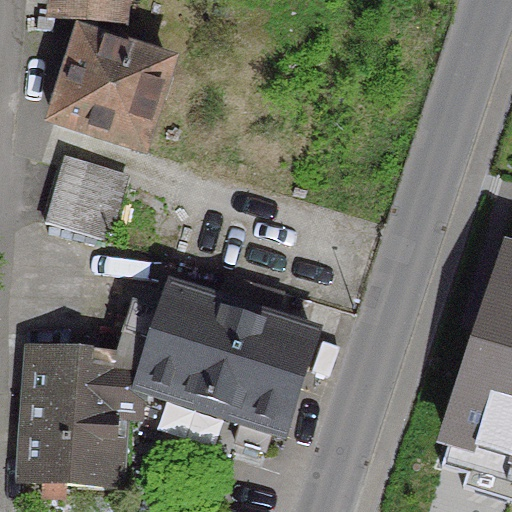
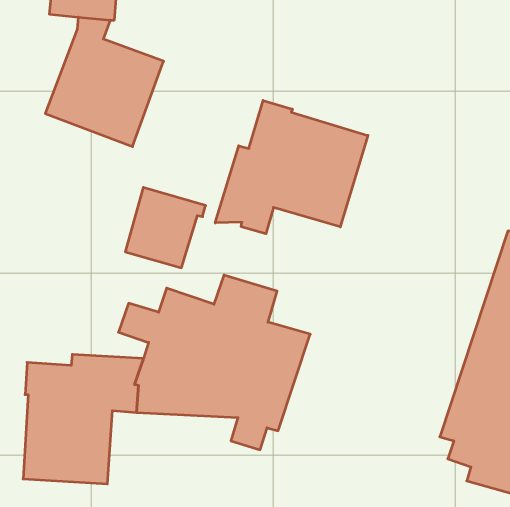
building: none -> [215,100,368,234]
building: [42,156,122,236] -> [125,187,206,268]

